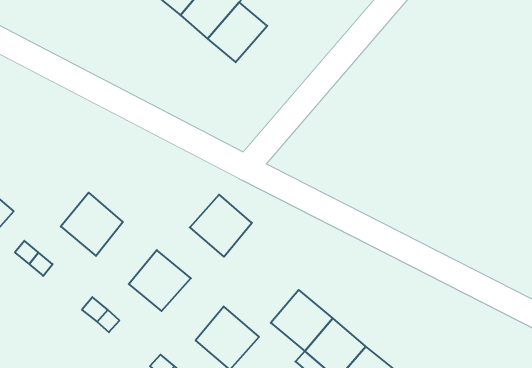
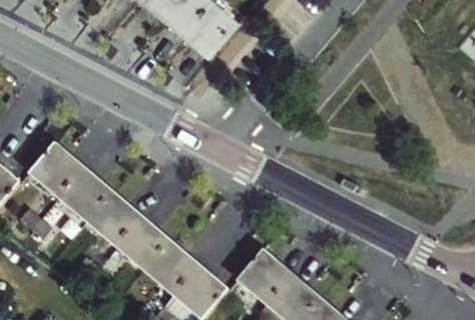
building: none -> [28,141,82,196]
building: [190,195,252,257] -> [144,240,197,293]
building: none -> [88,192,140,245]

